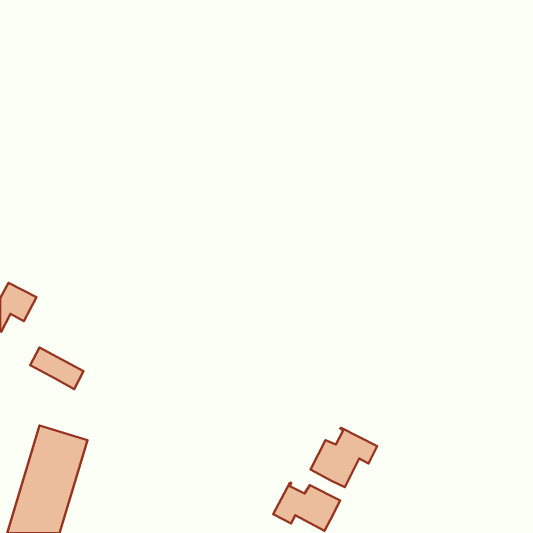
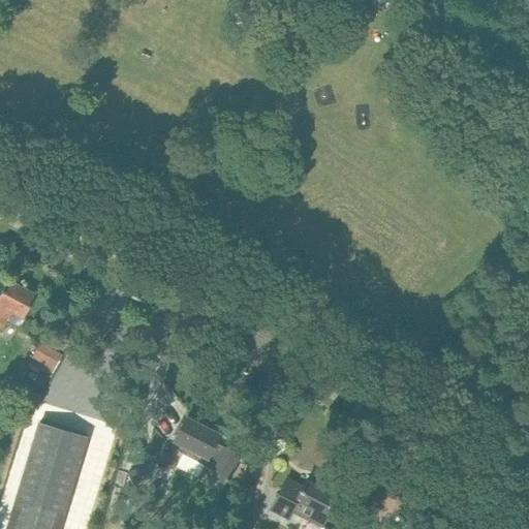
building: none -> [172,418,240,485]
building: [310,428,377,487] -> none

